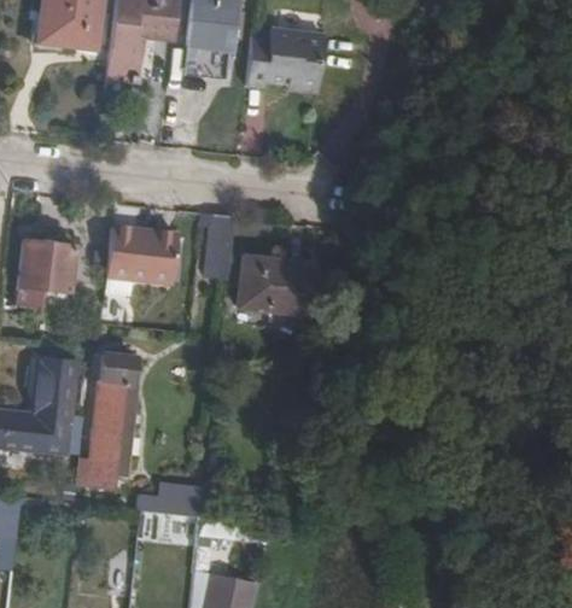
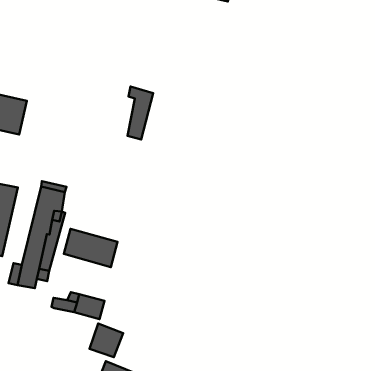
building: [106,228,177,282] -> none
building: [239,262,314,320] -> none
building: none -> [64,229,117,267]

